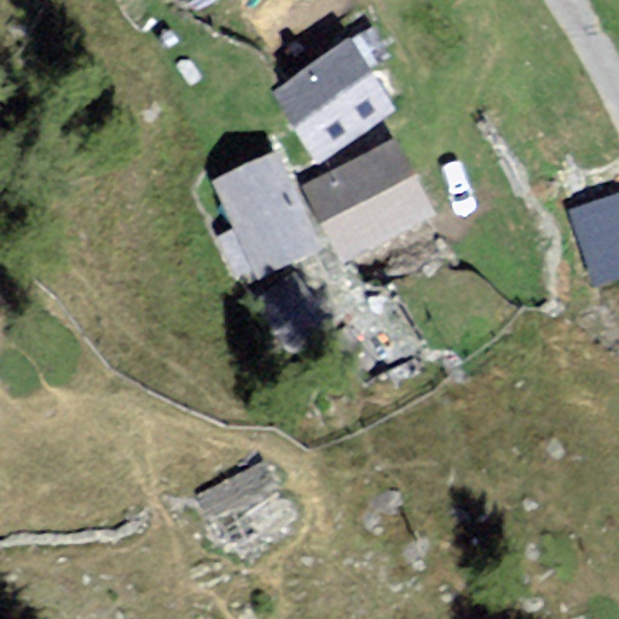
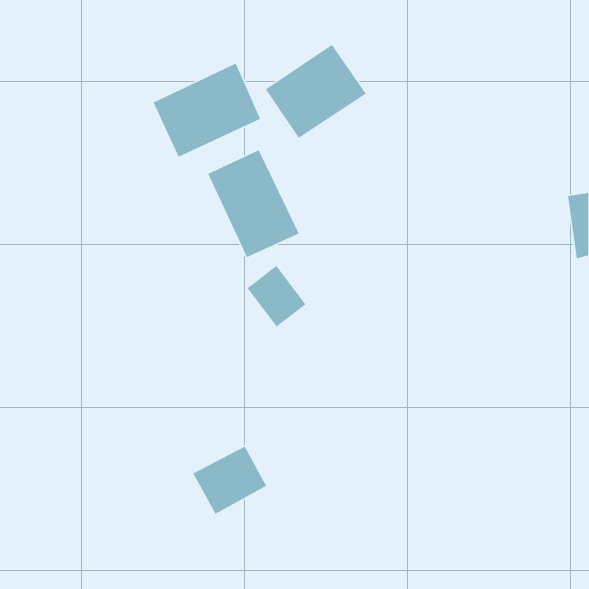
building: none -> [152,63,261,158]
building: [307,146,421,250] -> none

